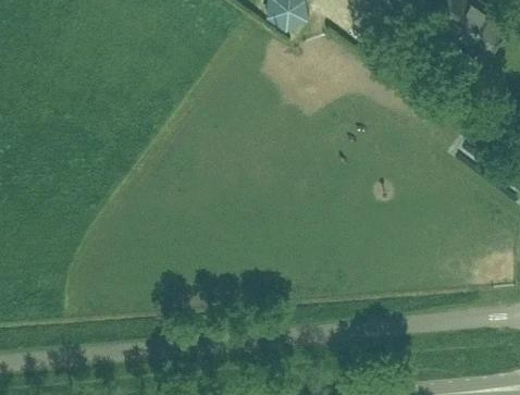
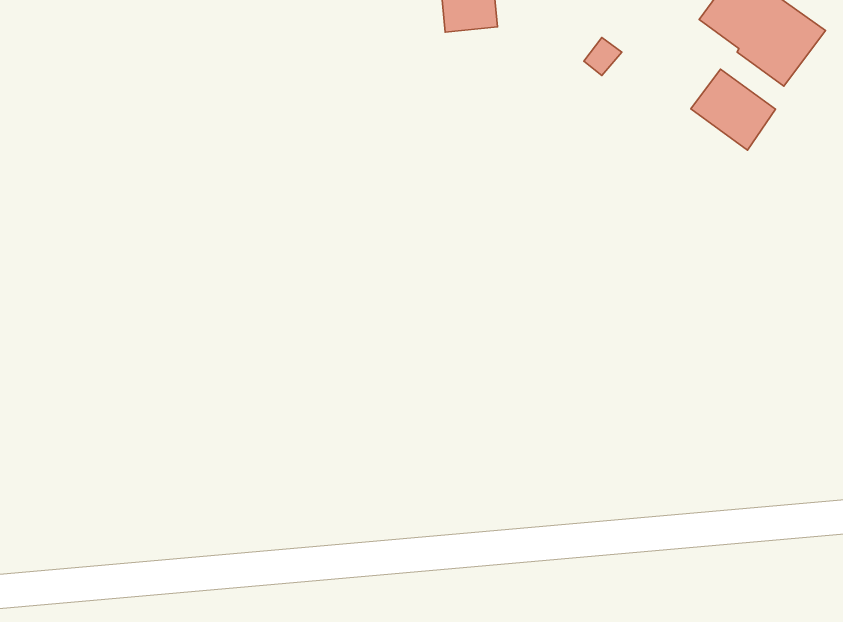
building: none -> [691,69,776,150]

